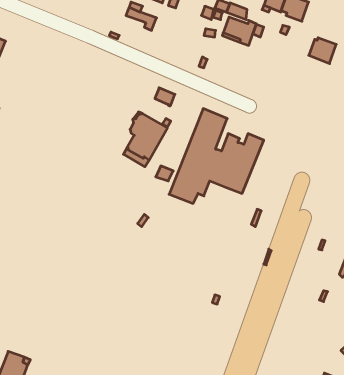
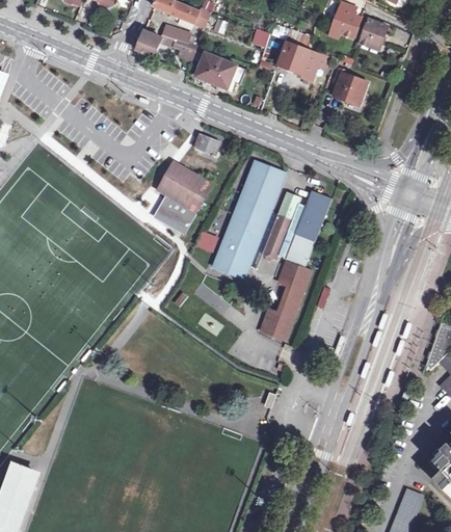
building: none -> [135,31,161,56]
building: none -> [195,53,245,90]
building: [309,38,336,64] -> [335,73,369,105]
building: none -> [257,258,310,338]

